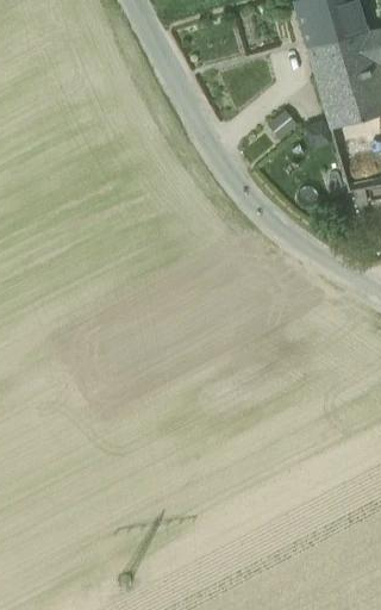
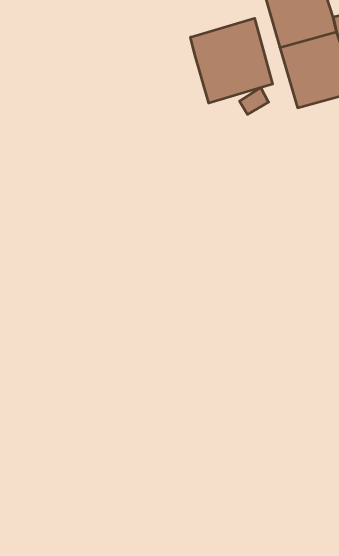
building: none -> [191,18,273,103]

